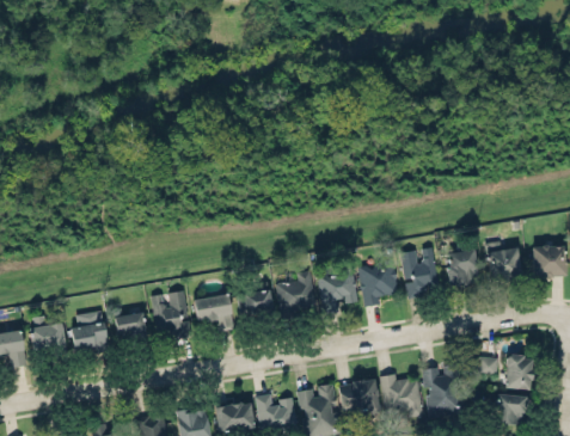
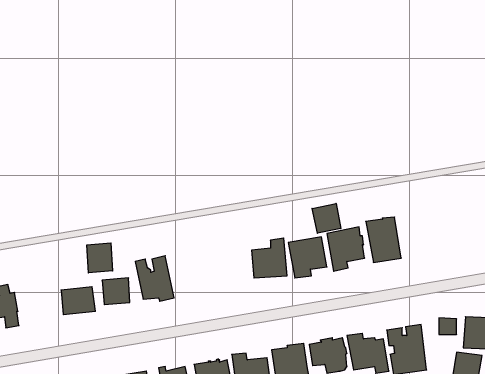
building: none -> [312,203,341,233]
building: [485,246,522,280] -> none
building: [447,247,480,287] -> none
building: none -> [87,243,113,273]
building: [243,282,272,315] -> none
building: [194,291,234,331] -> none
building: [29,314,67,354] -> none

